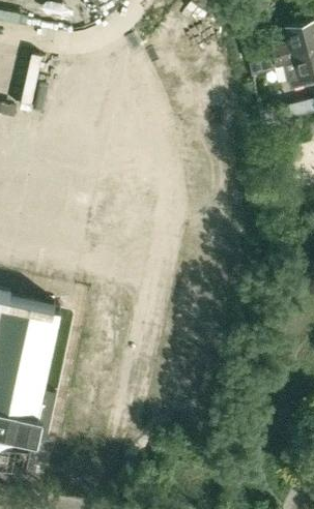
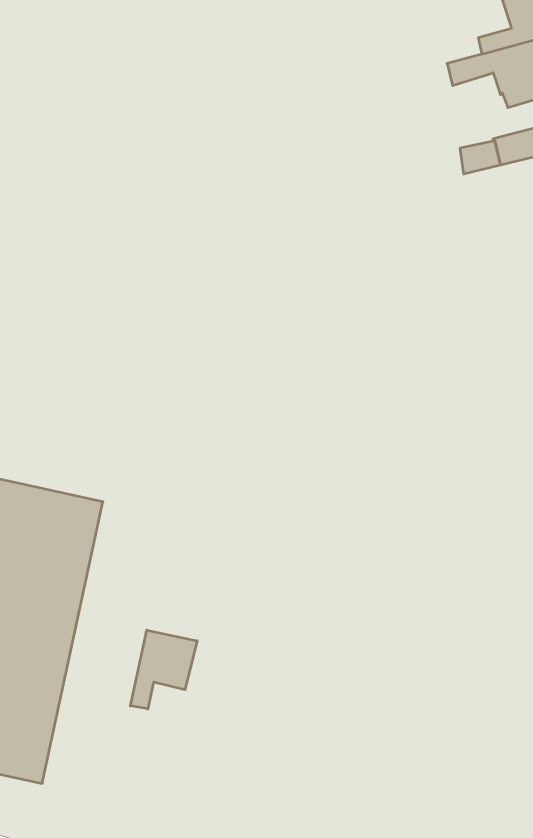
building: none -> [130,630,197,709]

